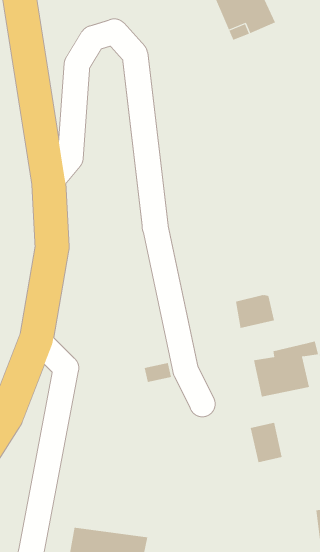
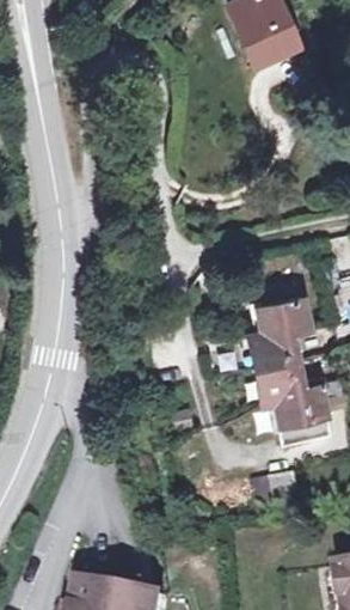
building: none -> [256,300,323,343]
building: none -> [263,364,333,408]

